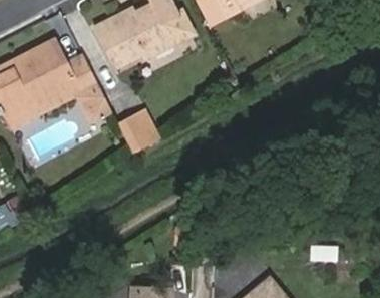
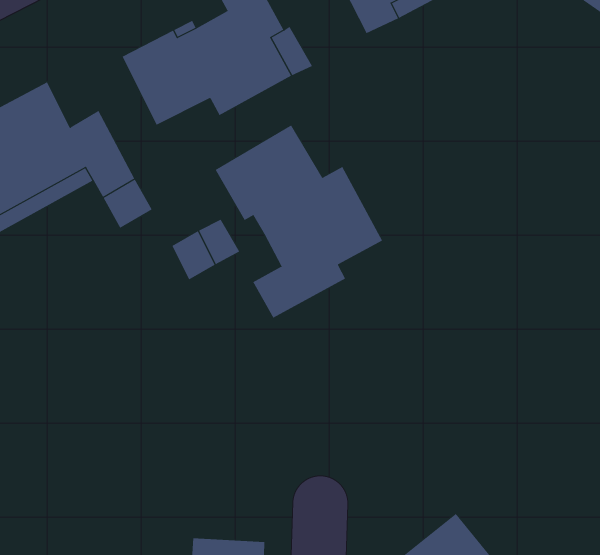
building: none -> [215,125,383,318]

